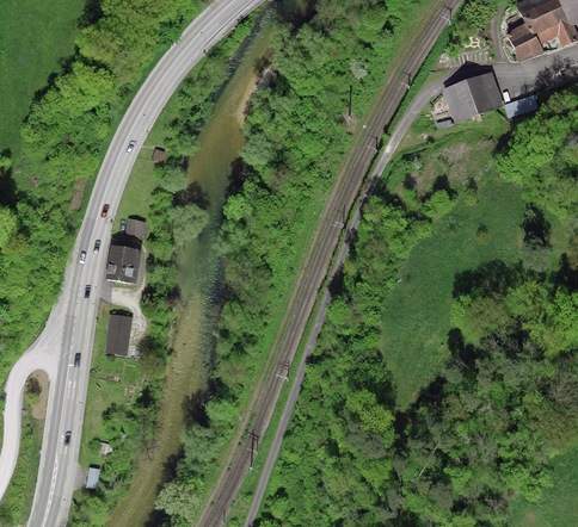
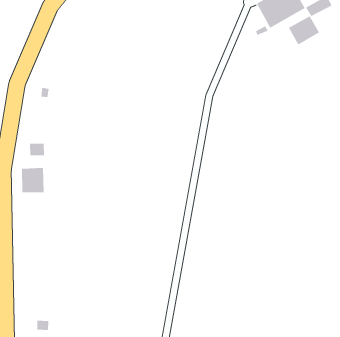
building: none -> [288,16,320,45]
building: [105,314,133,355] -> none

